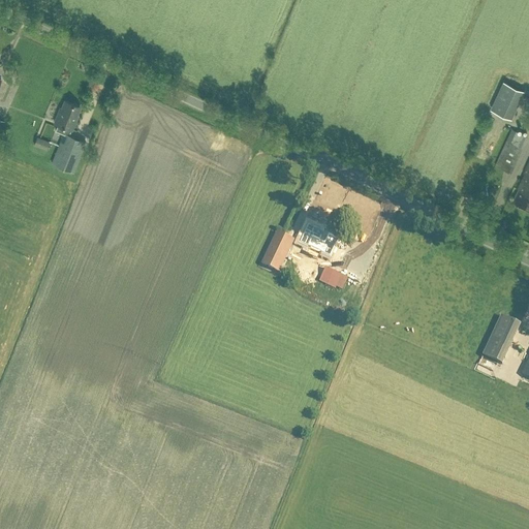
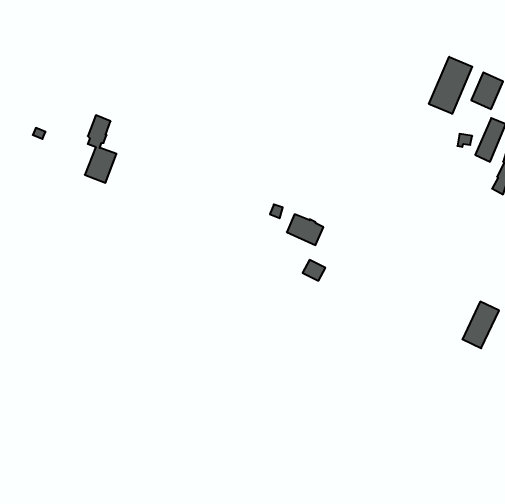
building: none -> [429,57,472,114]
building: [54,97,87,167] -> [85,115,117,183]
building: [262,231,290,271] -> none

